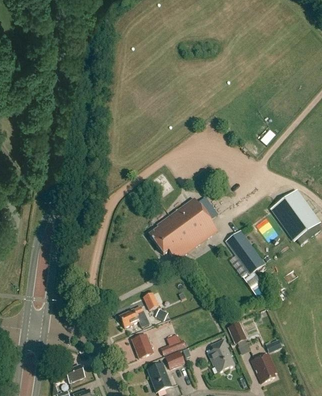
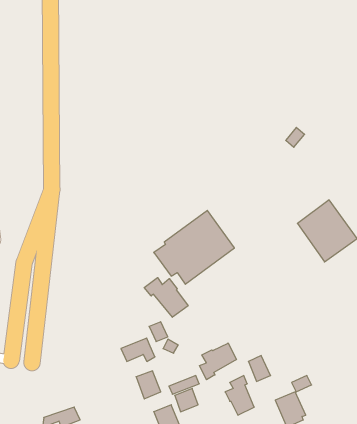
building: [225,231,262,272] -> none
building: none -> [144,278,188,317]
building: none -> [200,343,236,380]

